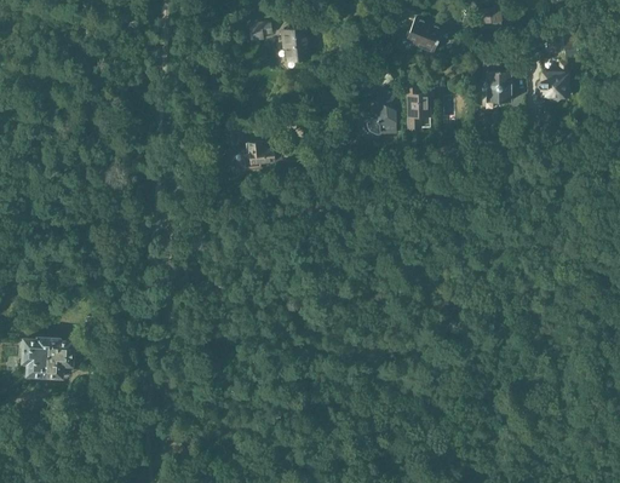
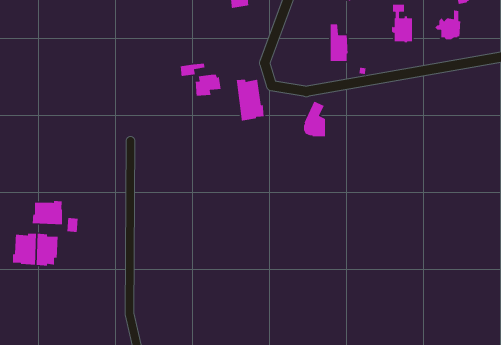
building: [368,90,396,134] -> [303,101,326,137]
building: none -> [236,79,265,122]
building: none -> [32,200,63,225]

